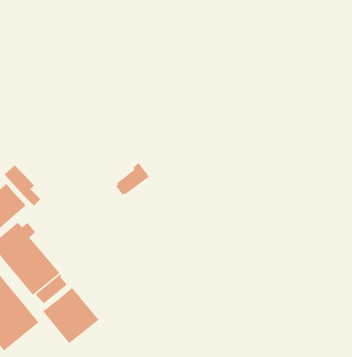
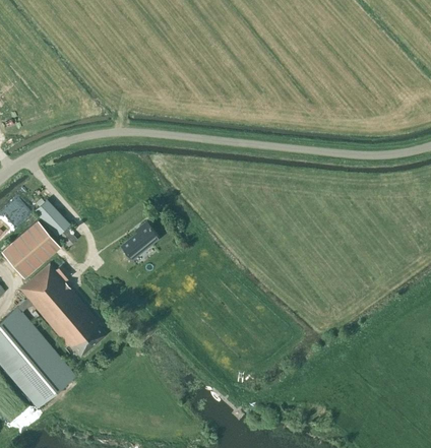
building: [115,162,150,196] -> [121,221,160,259]
building: [42,287,99,344] -> none

